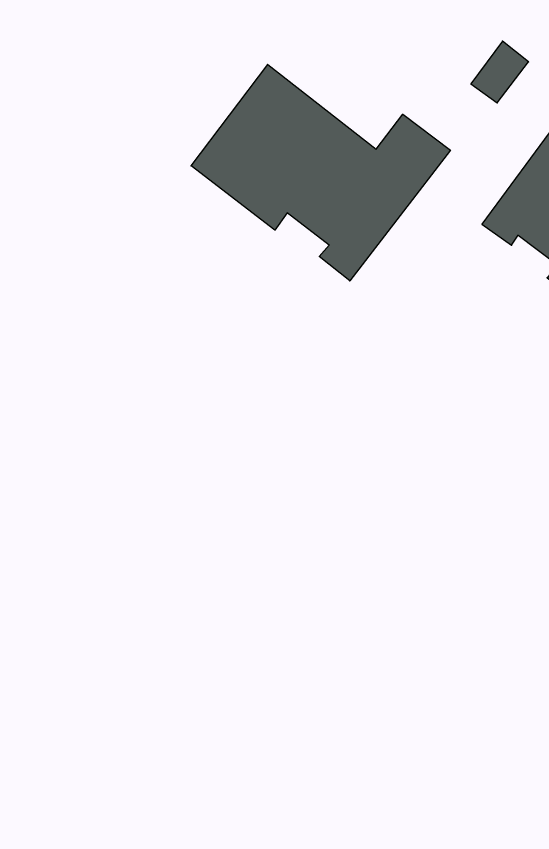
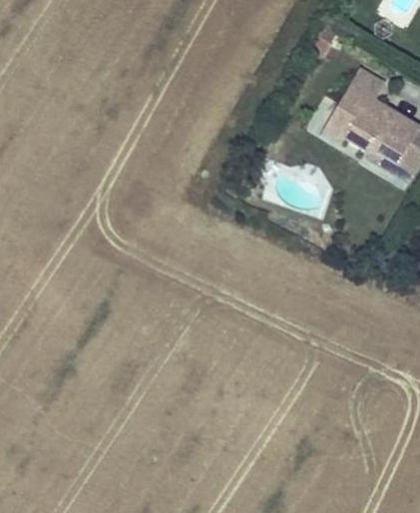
building: [191,64,450,281] -> none

